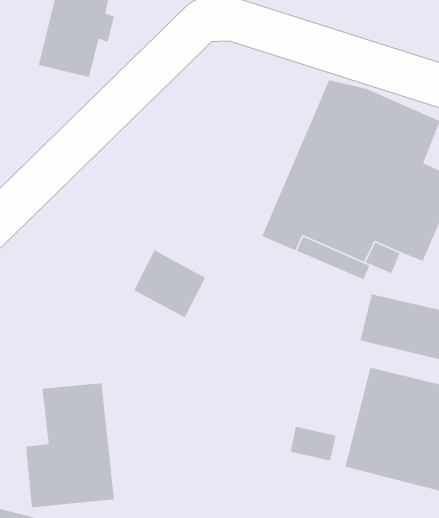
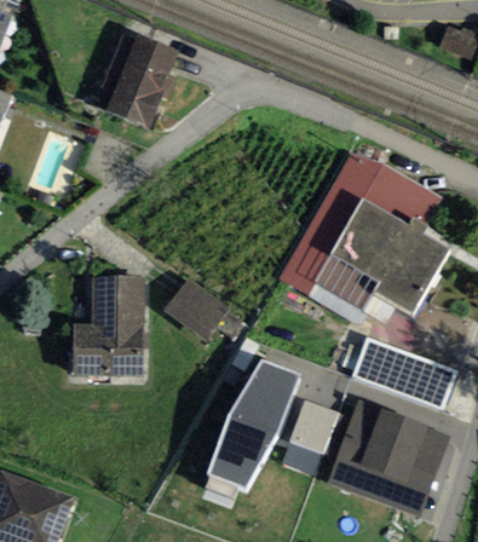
building: none -> [207,359,299,490]
building: none -> [288,399,338,454]
building: [25,383,115,508] -> [71,276,144,377]

